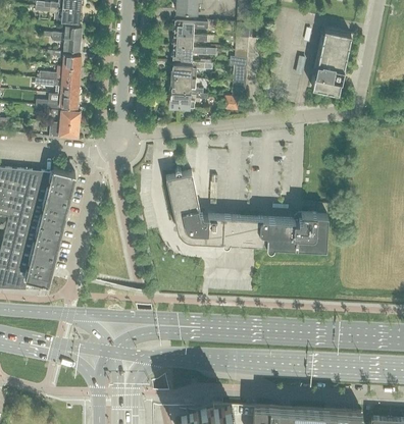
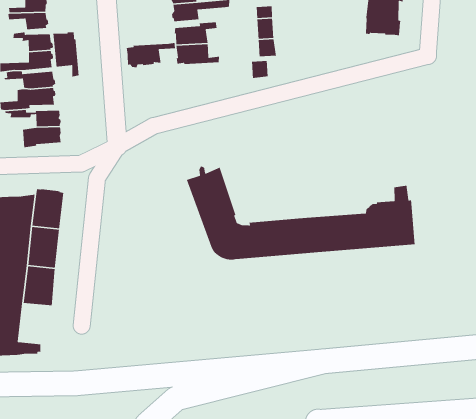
building: none -> [52,31,79,77]
building: [169,93,207,110] -> [126,42,176,68]
building: [26,252,54,284] -> none

